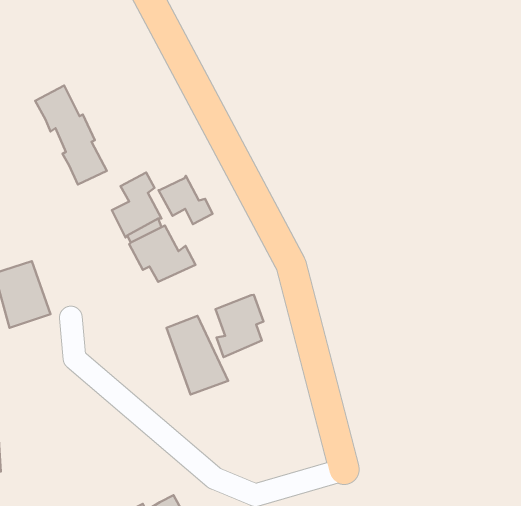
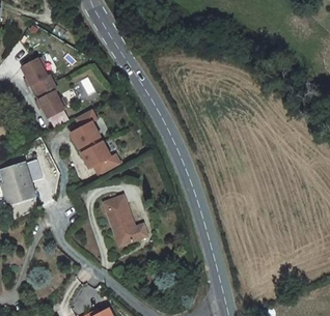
building: [158,176,213,224] -> none
building: [215,295,263,357] -> none

